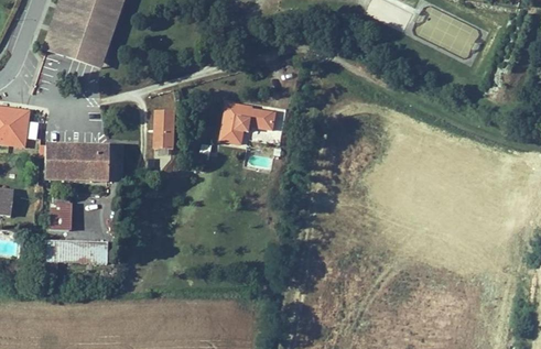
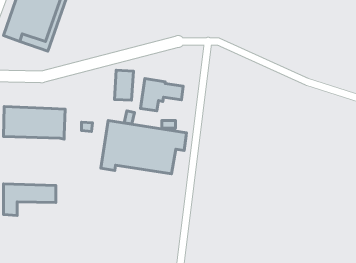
building: [152,110,176,149] -> [115,70,133,100]
building: none -> [101,120,187,174]
building: [47,201,69,228] -> none

